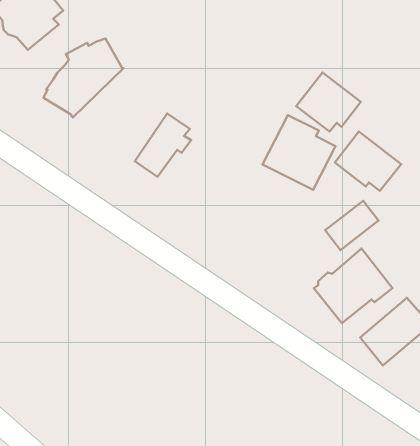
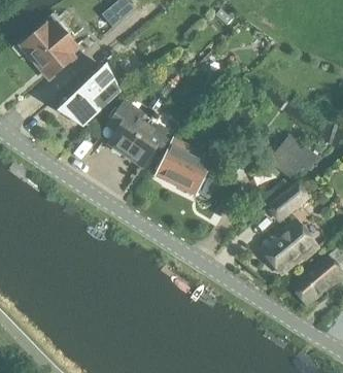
building: [296,72,361,131] -> none
building: none -> [100,96,150,156]
building: [262,115,336,190] -> [157,140,210,195]

